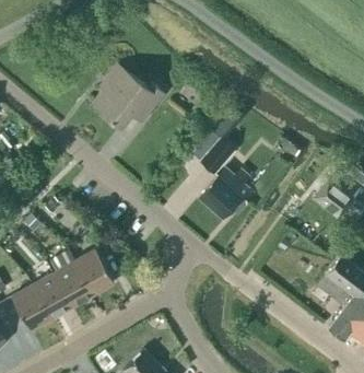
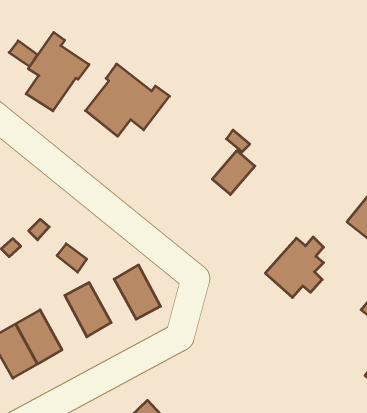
building: none -> [26,32,89,111]
building: [198,166,247,218] -> [265,237,324,298]
building: [52,260,92,306] -> [114,265,161,319]

